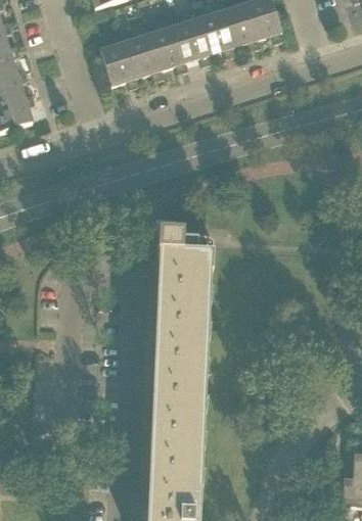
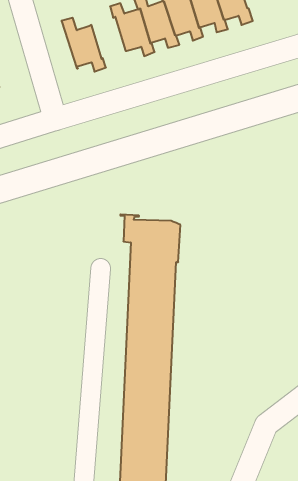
building: [118,27,162,79] -> none

